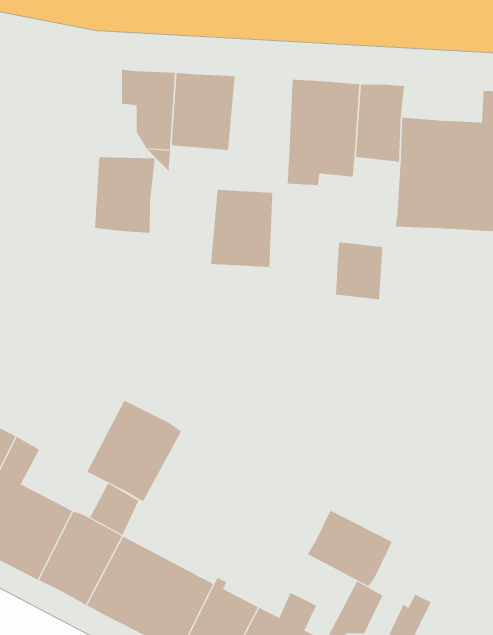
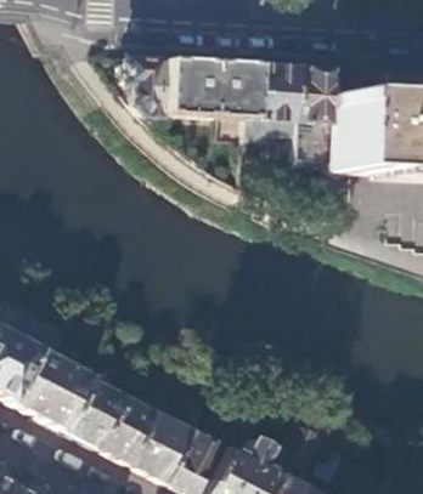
building: [94,156,155,233] -> none
building: [210,189,273,267] -> [207,62,253,119]
building: [335,242,383,300] -> [297,121,332,164]
building: [87,400,182,502] -> none
building: [307,510,393,587] -> none

